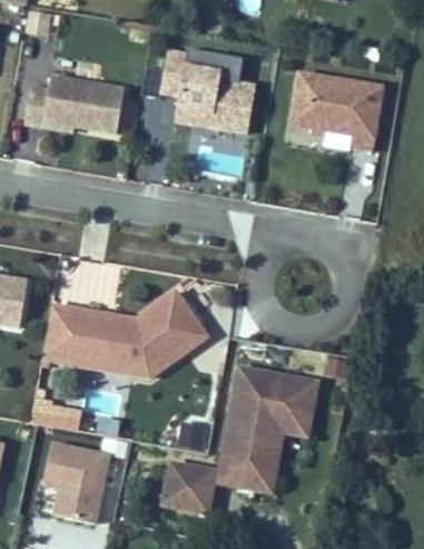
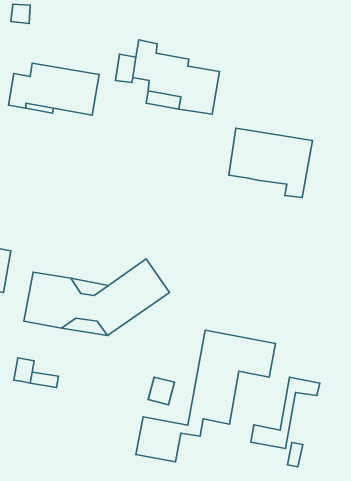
building: [293,72,384,148] -> [229,128,312,197]
building: [236,412,312,490] -> [251,377,320,448]
building: [45,444,110,525] -> none

